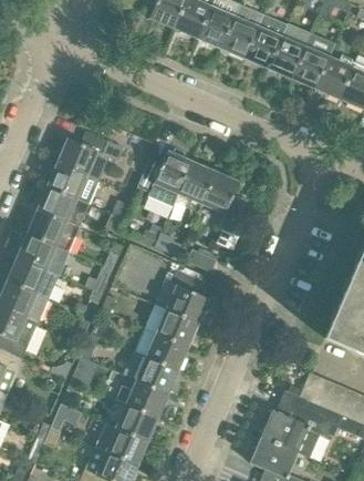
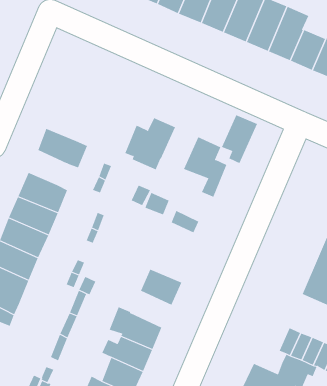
building: [55,130,124,180] -> none
building: [177,160,216,212] -> [221,114,258,164]
building: [37,184,90,226] -> none
building: [154,269,210,324] -> none
building: [145,332,188,371] -> none

